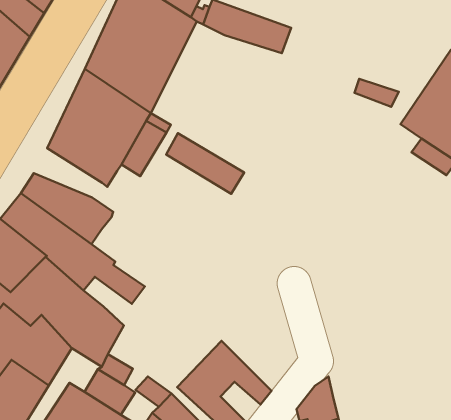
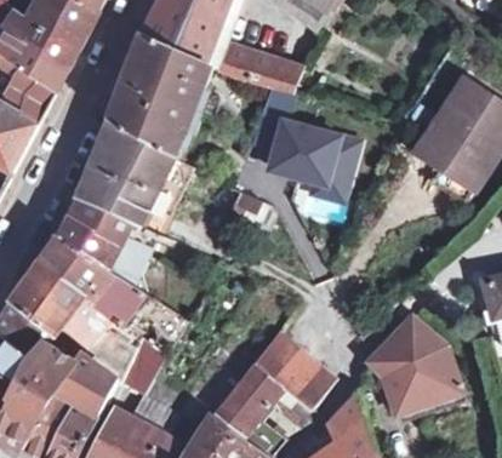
building: none -> [264,115,355,197]
building: none -> [68,195,153,251]
building: none -> [367,320,458,418]
building: none -> [253,332,331,413]

